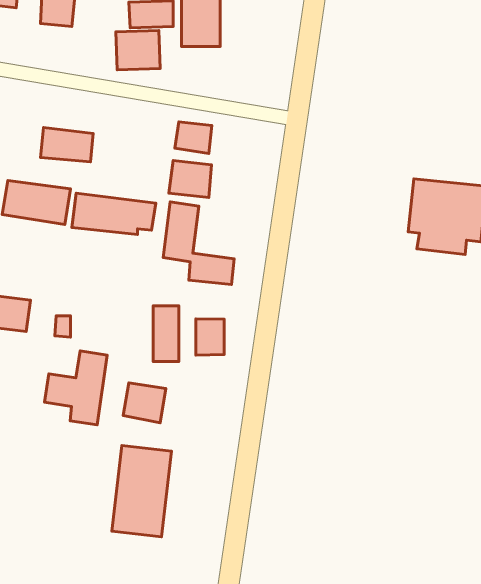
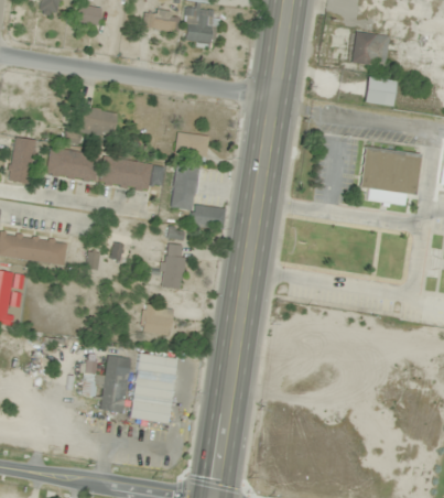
building: none -> [353,31,391,66]
building: [116,31,160,70] -> none
building: none -> [365,77,396,105]
building: [175,122,212,153] -> none
building: [196,319,224,355] -> none
building: [44,351,107,425] -> [82,355,130,412]

